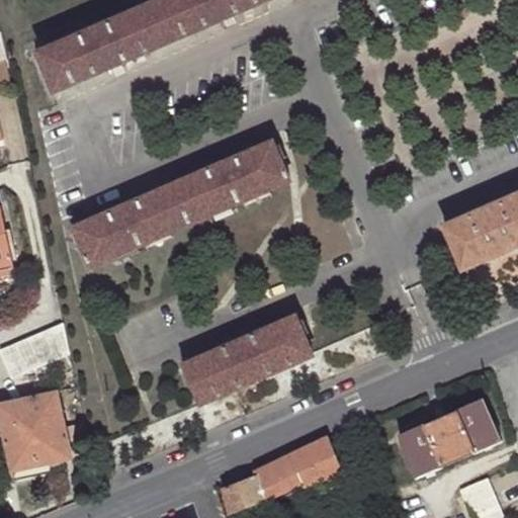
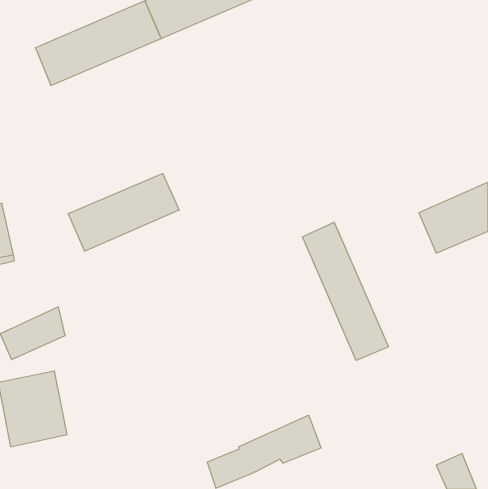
building: [172,140,288,222] -> none
building: none -> [303,222,388,360]
building: [183,315,311,402] -> none
building: [399,400,499,478] -> none

